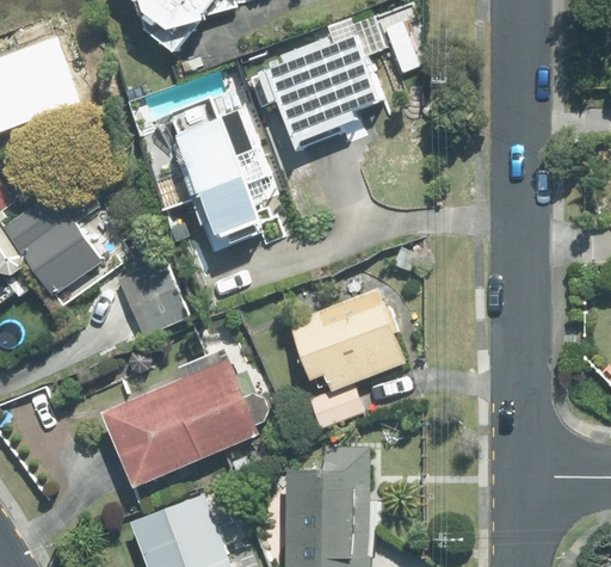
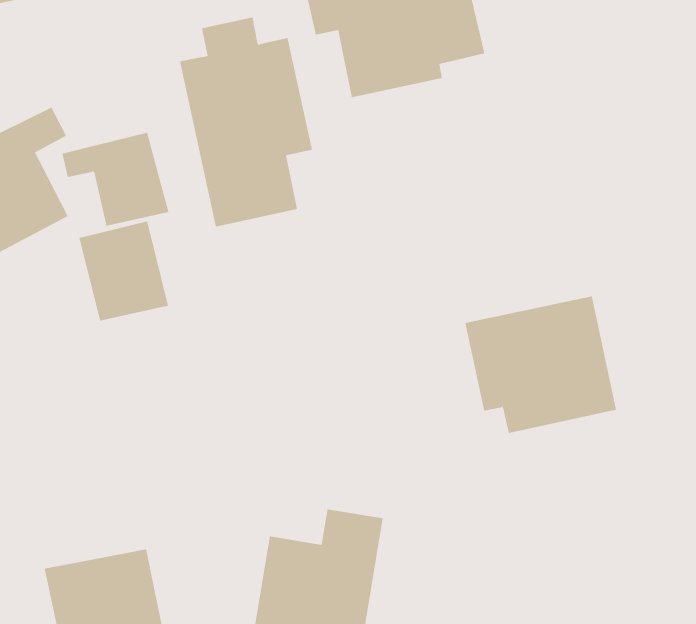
building: none -> [62,132,169,227]
building: [286,285,406,394] -> [465,296,617,433]
building: [100,360,257,488] -> none

